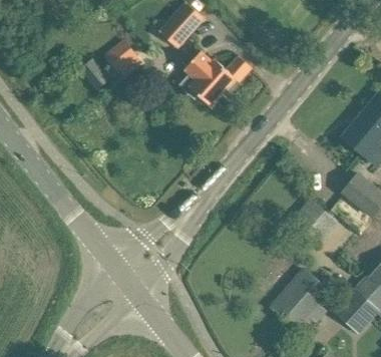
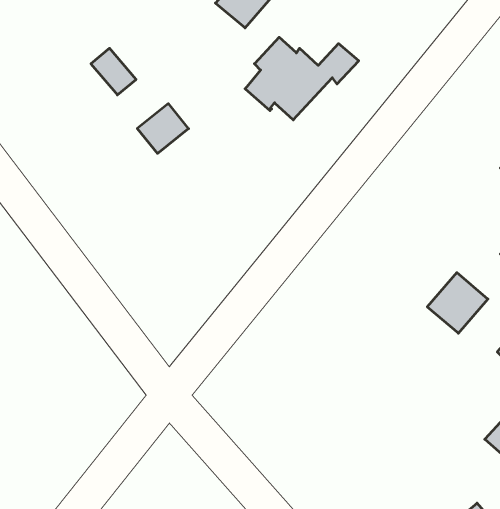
building: [100,41,133,73] -> [137,104,189,153]
building: [273,271,332,330] -> none

